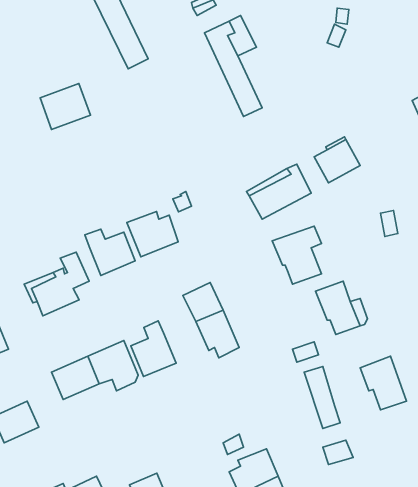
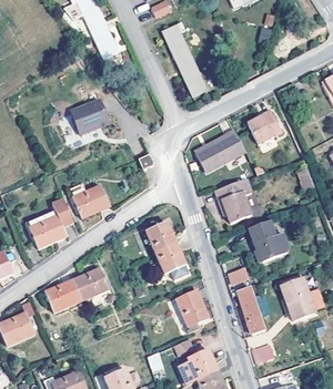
building: [40,83,90,130] -> [69,95,108,131]
building: [127,212,178,257] -> none
building: [131,321,176,376] -> none
building: none -> [176,289,209,332]

